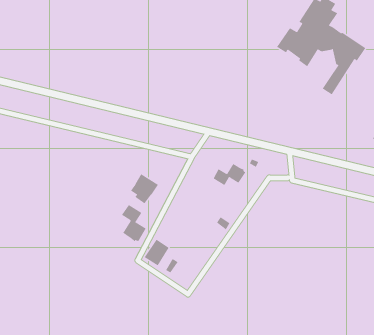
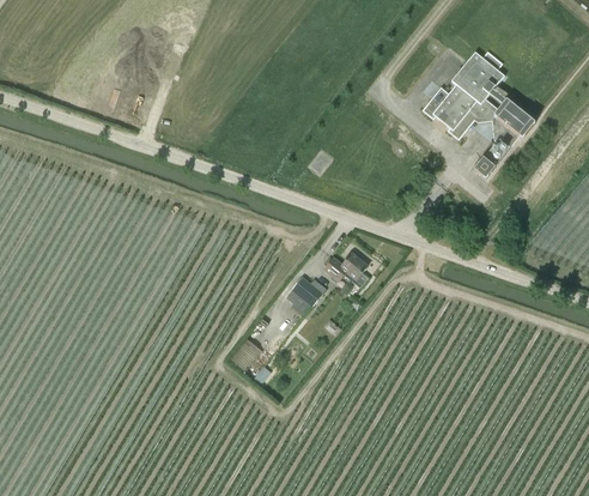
building: [130,173,159,204] -> [286,276,323,315]
building: [121,204,146,242] -> none

